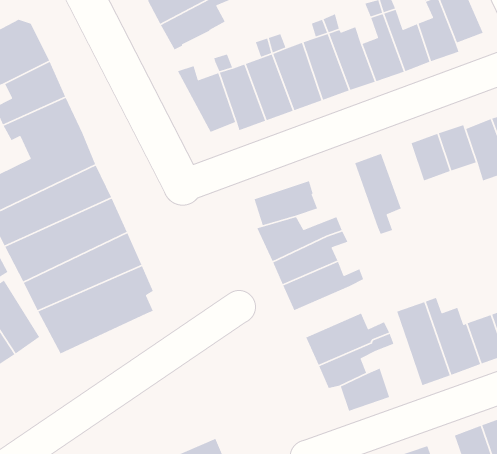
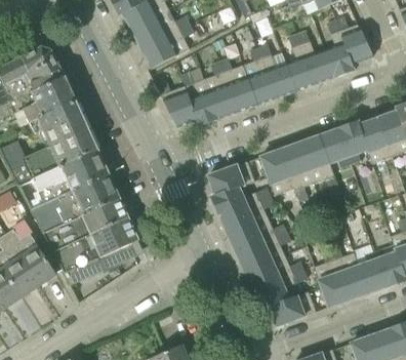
building: none -> [299,134,339,194]
building: none -> [260,149,296,203]
building: none -> [237,232,292,273]

